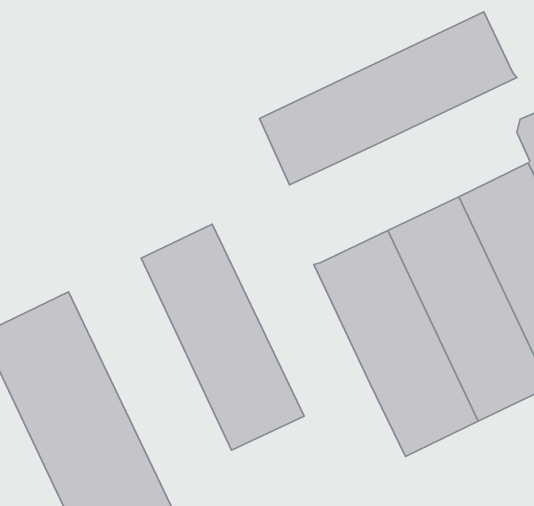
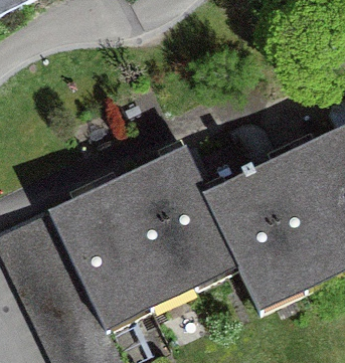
building: [260,12,517,185] -> none
building: none -> [138,147,236,288]
building: none -> [48,189,150,330]

